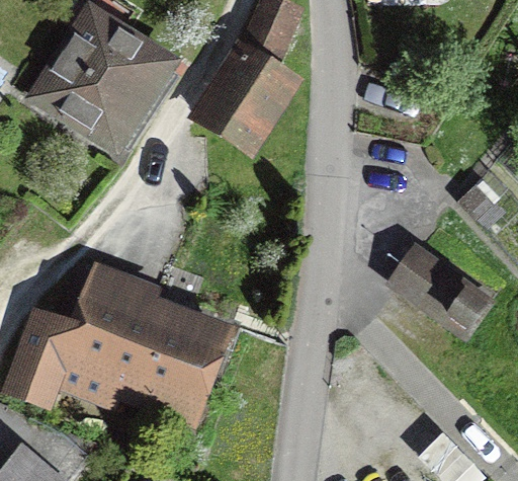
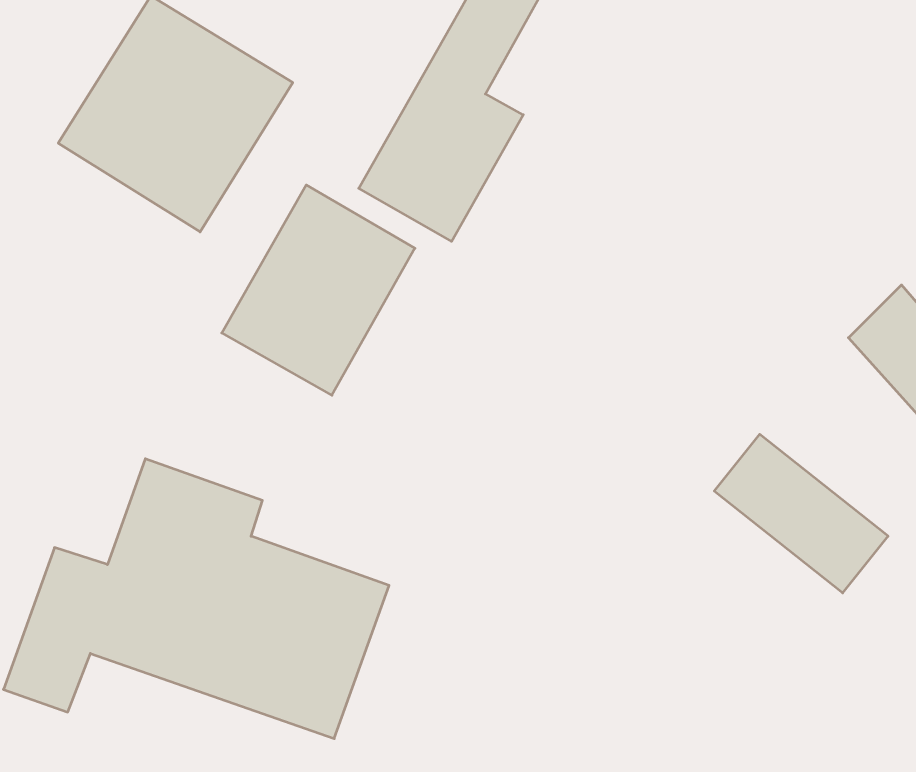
building: none -> [222,185,415,395]

